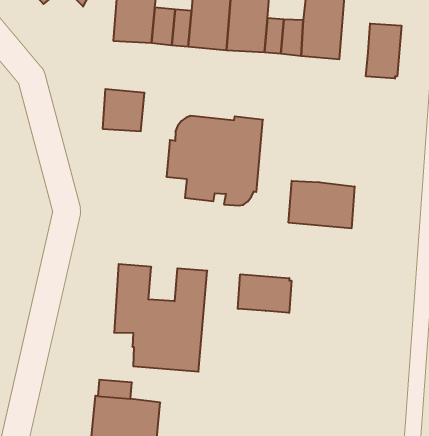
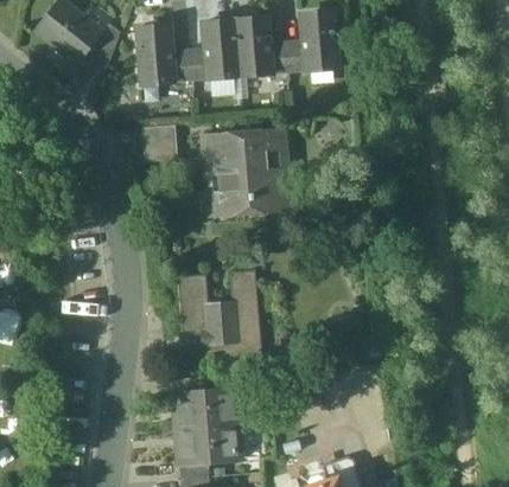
building: [366,23,401,79] -> none
building: [289,181,355,228] -> none
building: [238,274,291,313] -> none

